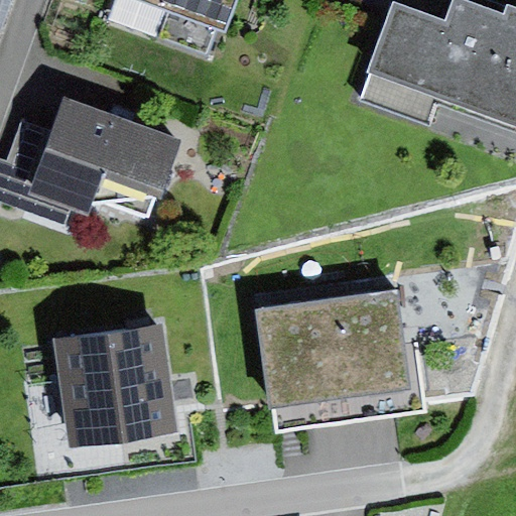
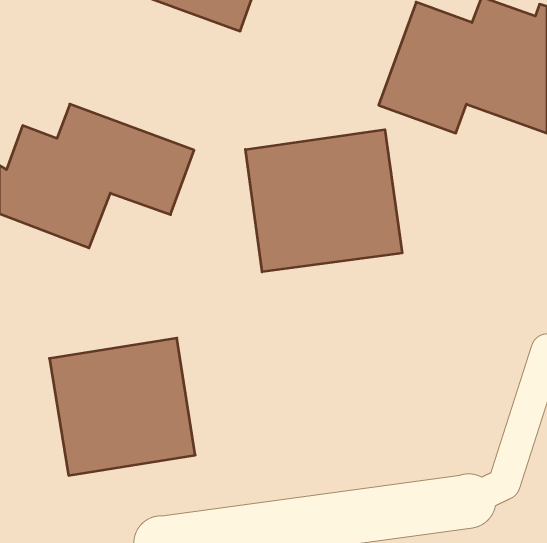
building: none -> [245,130,402,272]
building: [259,291,426,432] -> none

